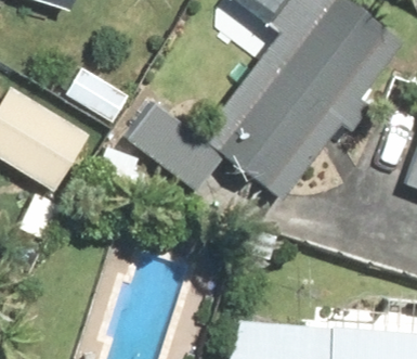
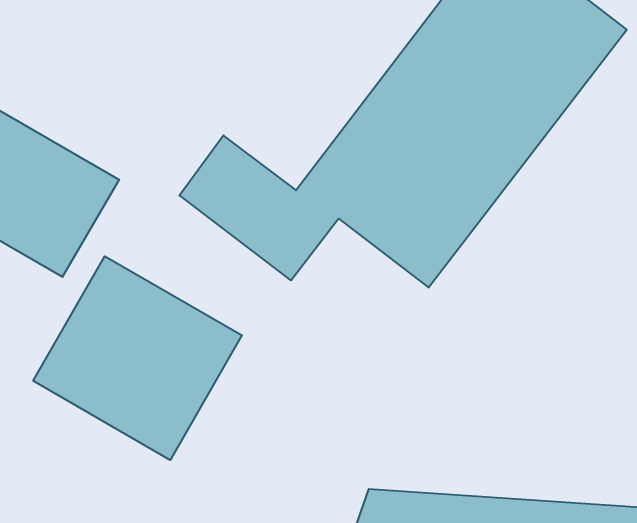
building: none -> [33,256,242,460]

